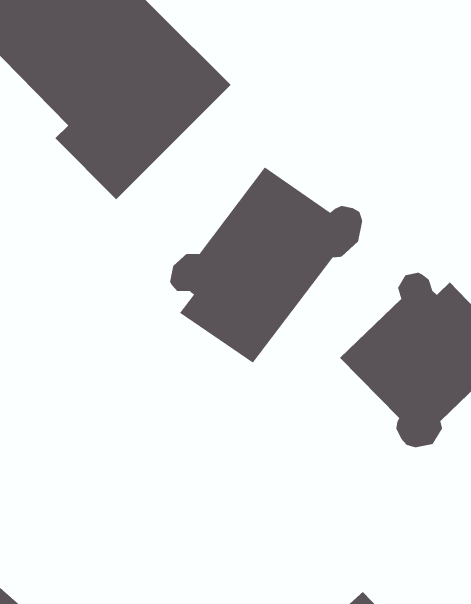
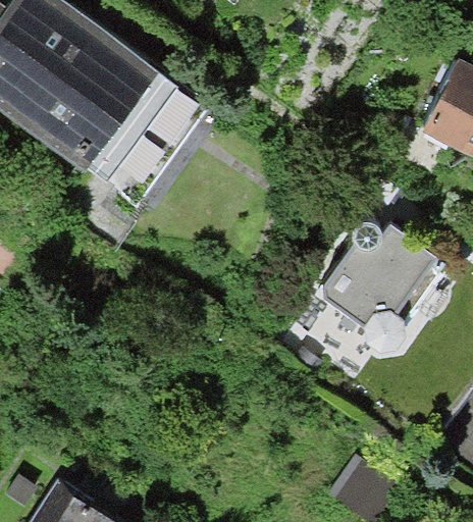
building: [169,167,363,363] -> none

